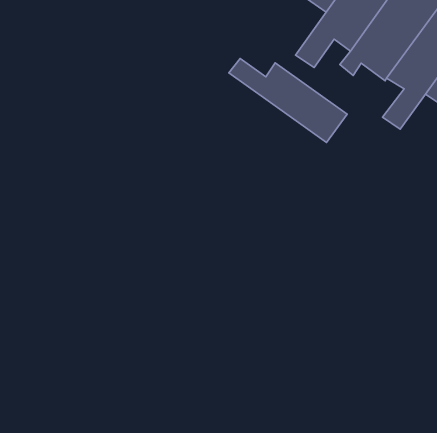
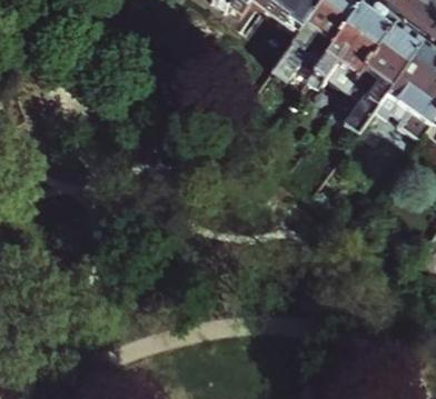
building: [229,58,347,143] -> none

